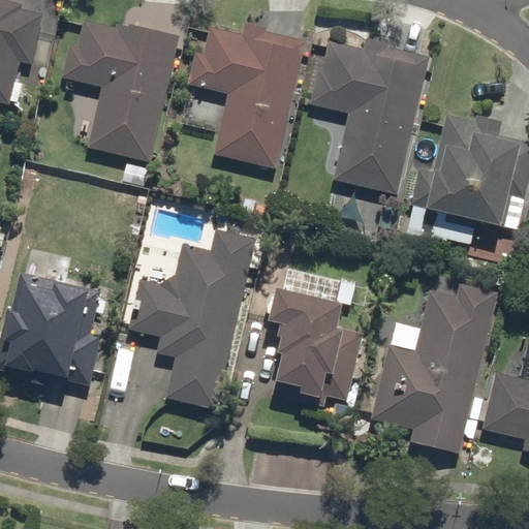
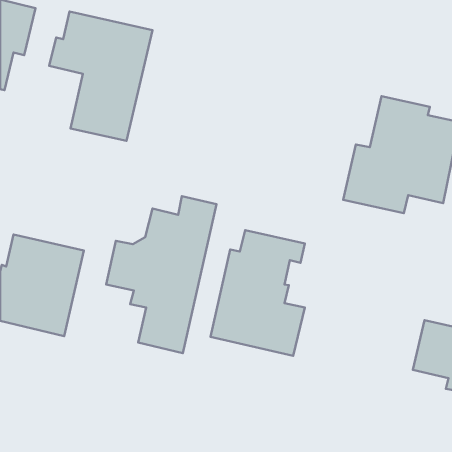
building: [188,23,307,169] -> none
building: [308,37,430,194] -> none
building: [371,283,495,455] -> none

